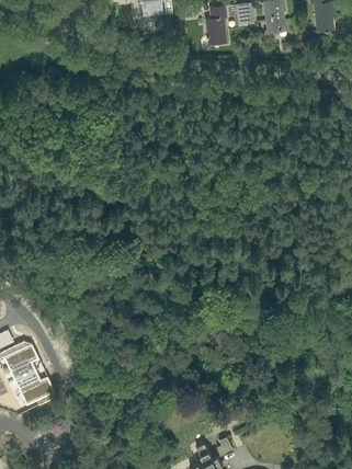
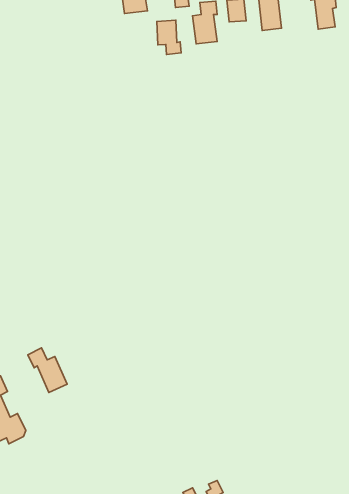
building: none -> [157,20,181,54]
building: none -> [28,348,67,393]

